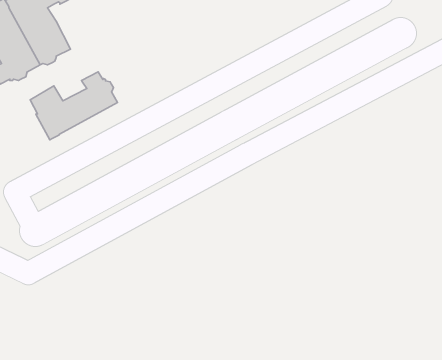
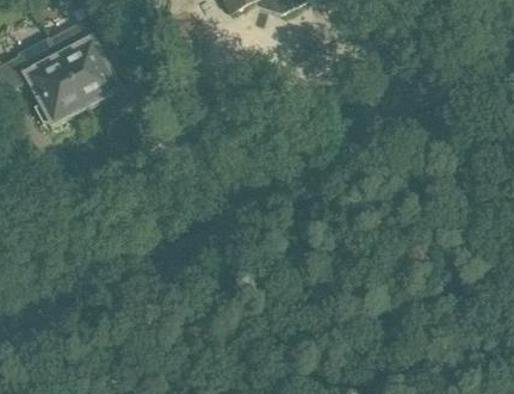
building: [30,72,117,140] -> none

